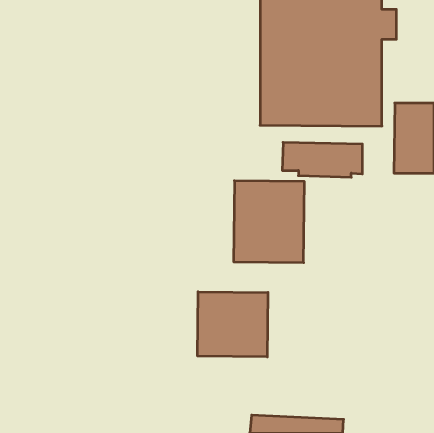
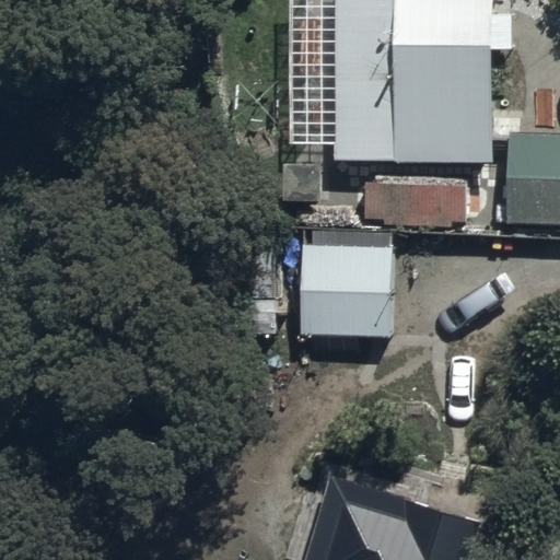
building: [198,292,268,357] -> none

